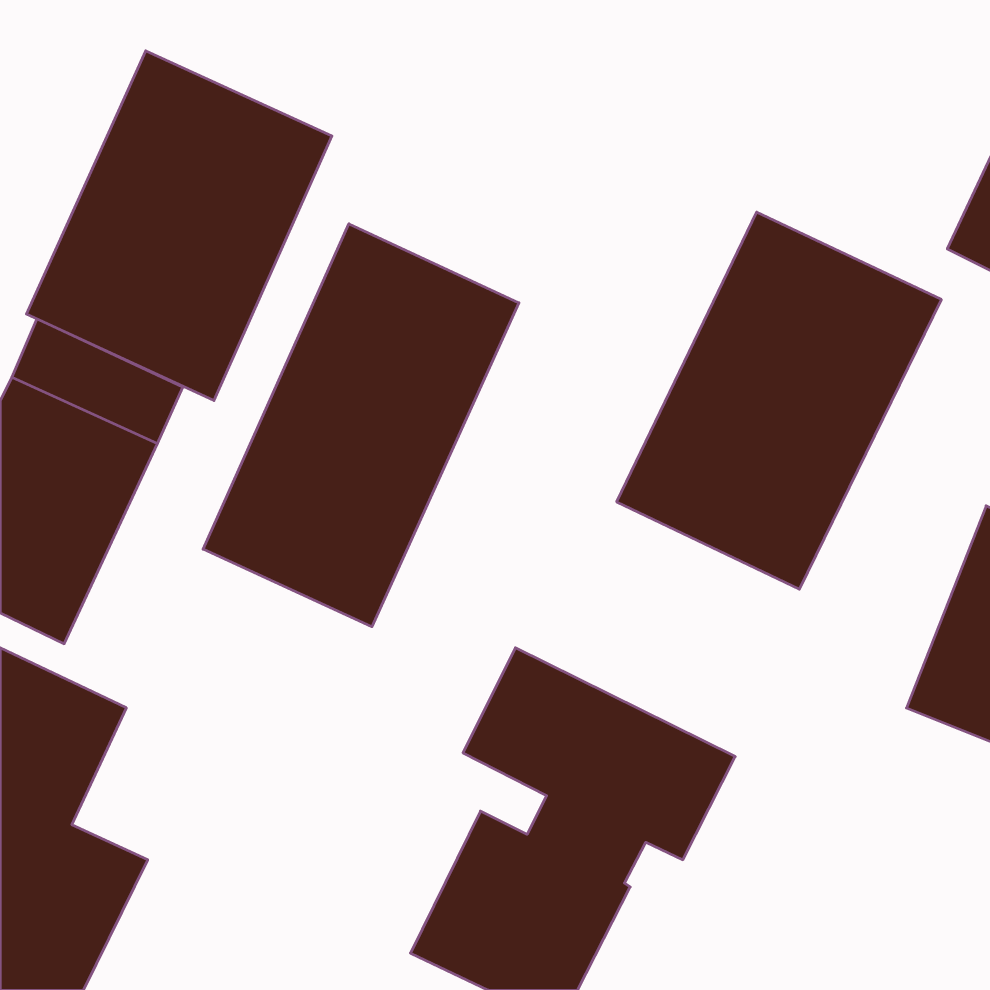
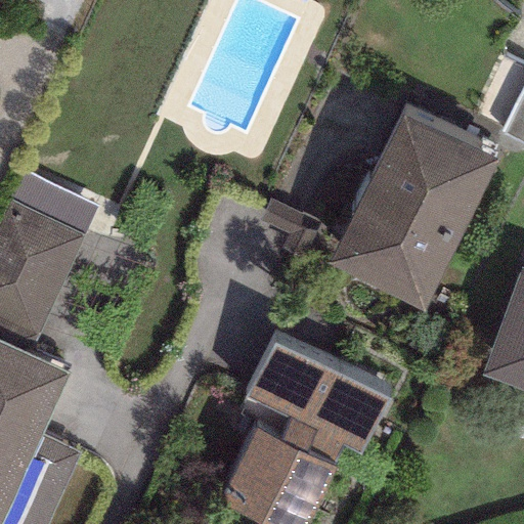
building: [26,51,332,401] -> none
building: [203,224,519,627] -> none

